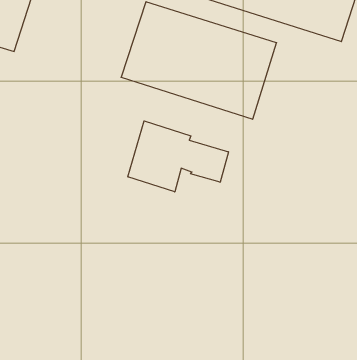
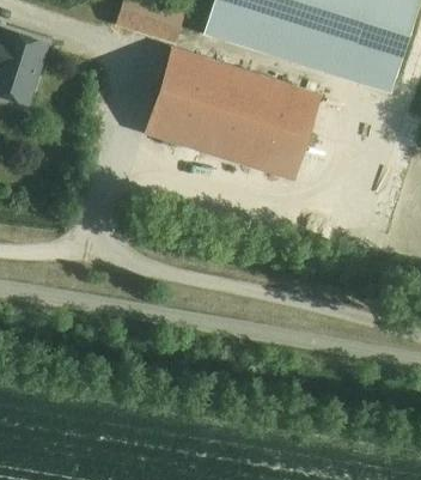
building: [128,121,228,192] -> none

